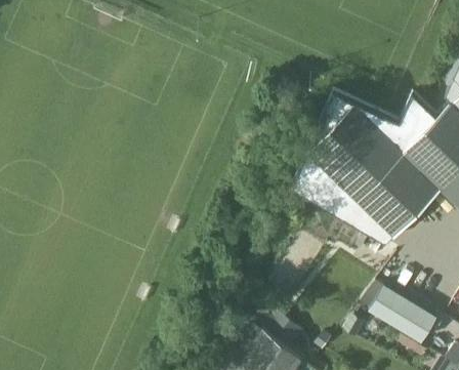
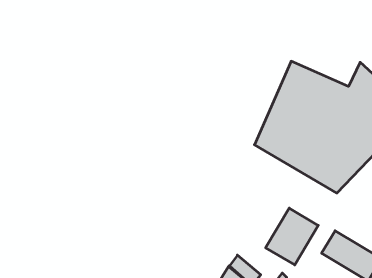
building: none -> [266,208,318,265]

